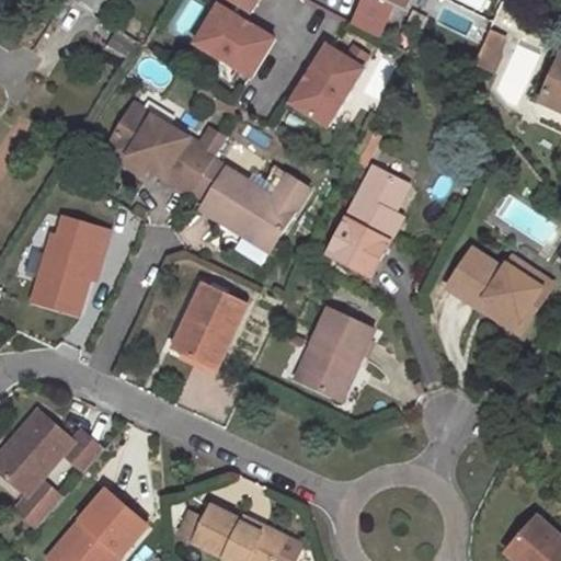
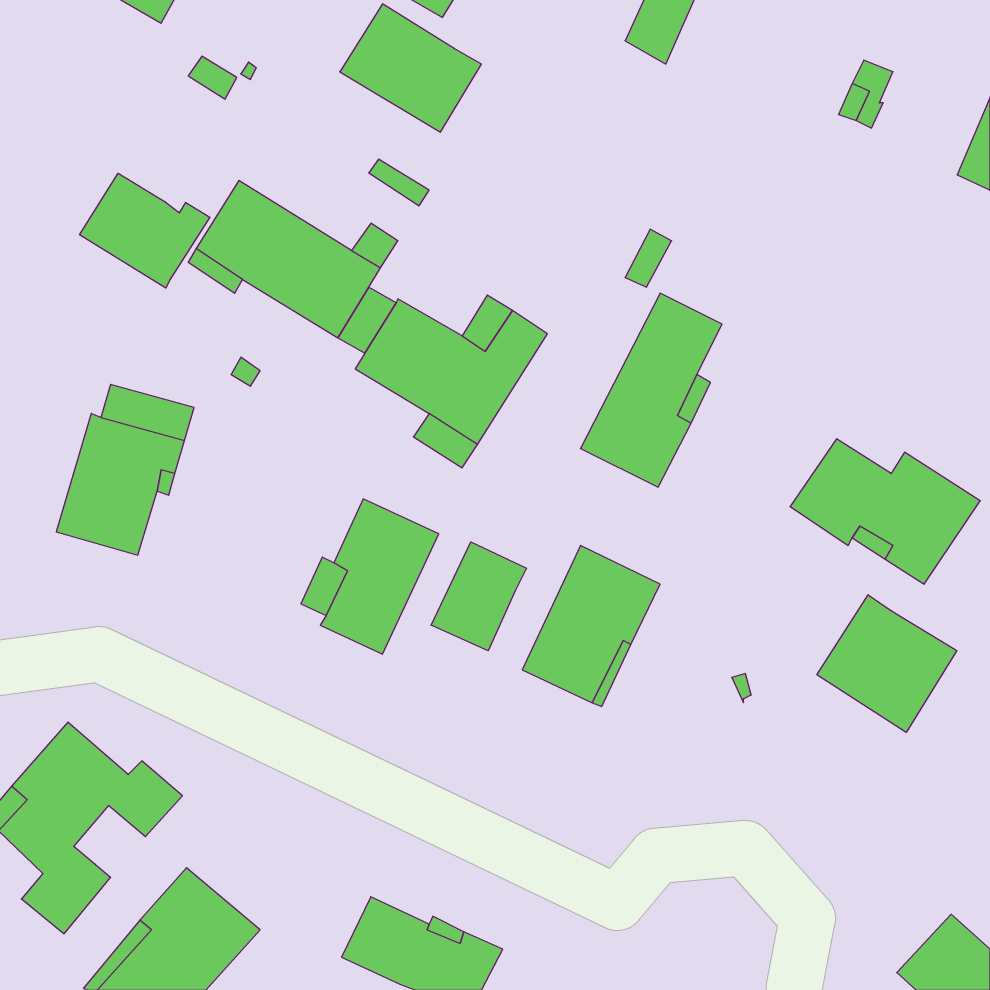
building: [290,44,364,125] -> none
building: none -> [80,173,210,288]
building: none -> [431,542,527,651]
building: none -> [817,595,957,732]

